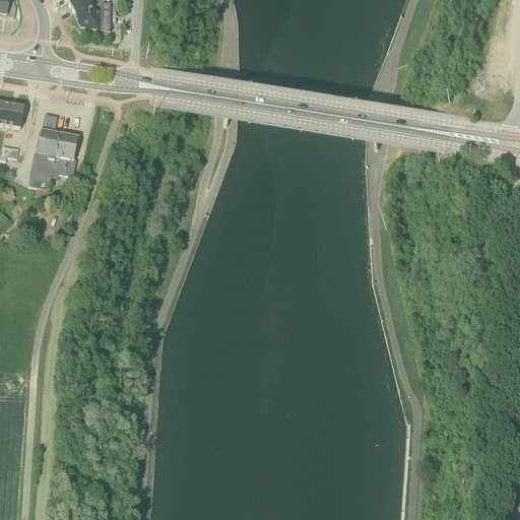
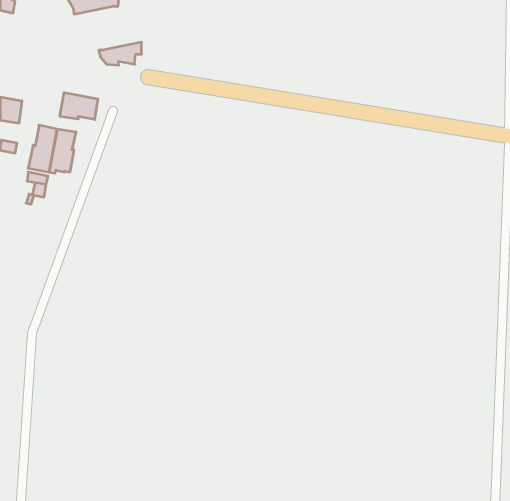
building: [72,6,116,29] -> [99,42,142,65]
building: none -> [60,93,98,120]

